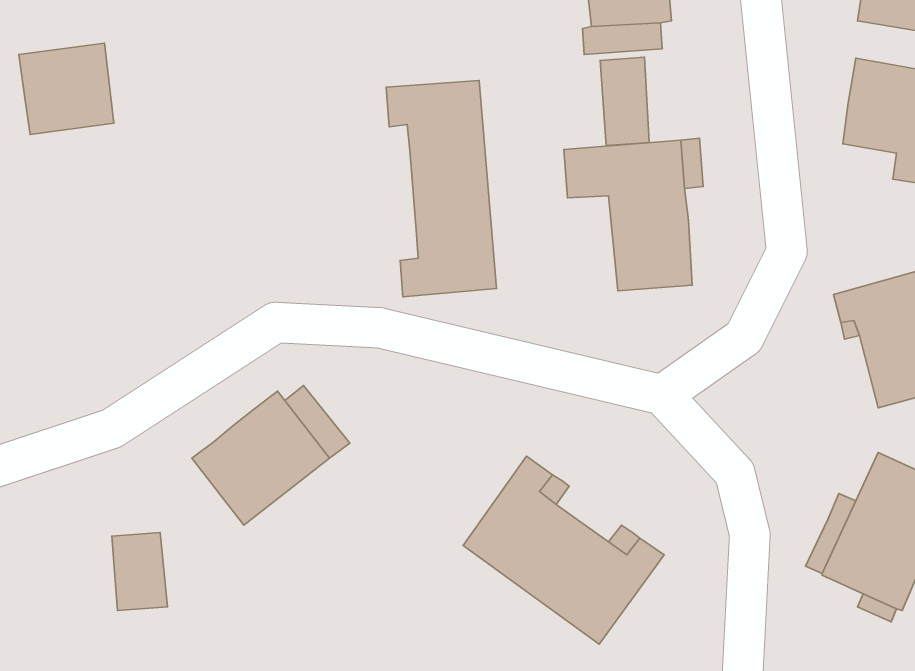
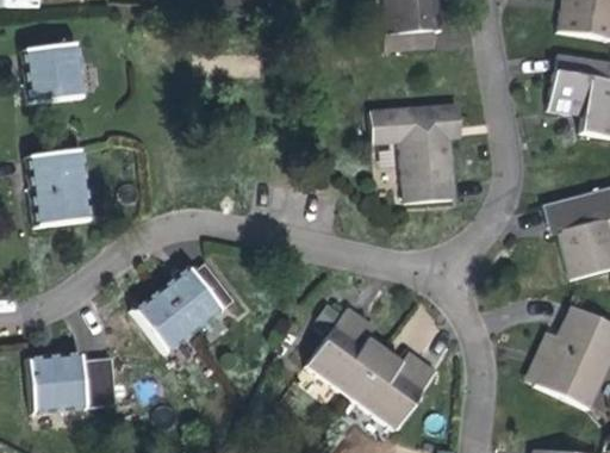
building: [600,57,649,146] -> none
building: [386,81,496,297] -> none
building: none -> [26,149,89,224]
building: none -> [27,353,85,411]

